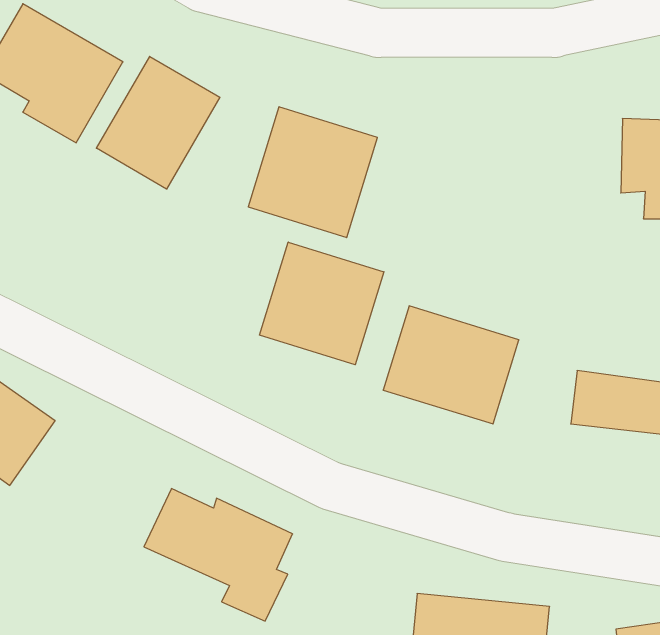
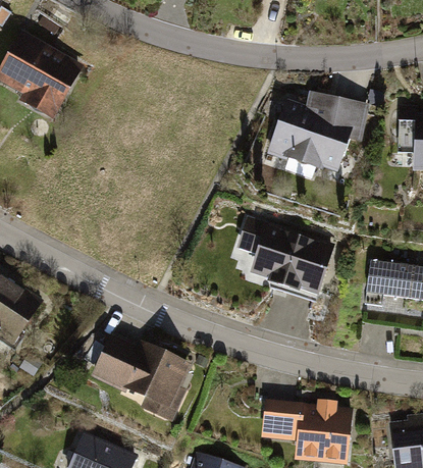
building: [96,56,220,189] -> none
building: [248,107,377,238] -> [276,95,358,177]
building: [260,242,384,365] -> none

